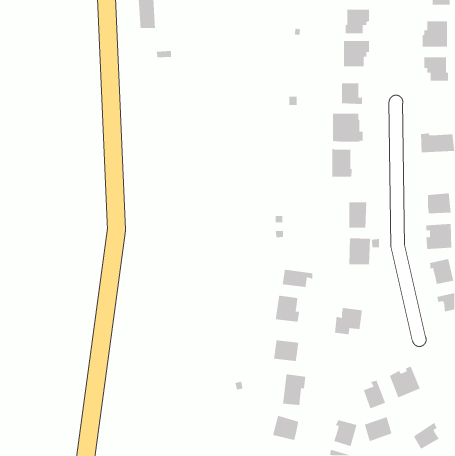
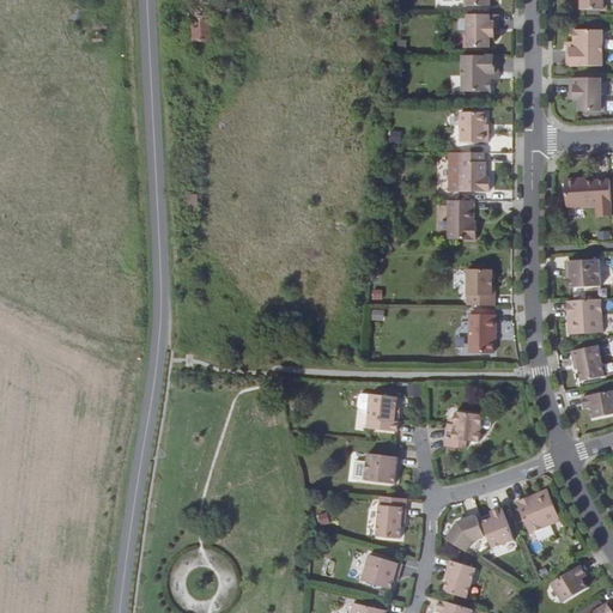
building: [282,269,313,288] -> none
building: [364,416,392,442] -> [442,512,480,547]

